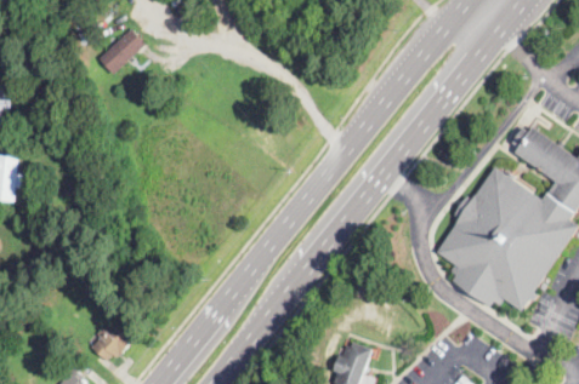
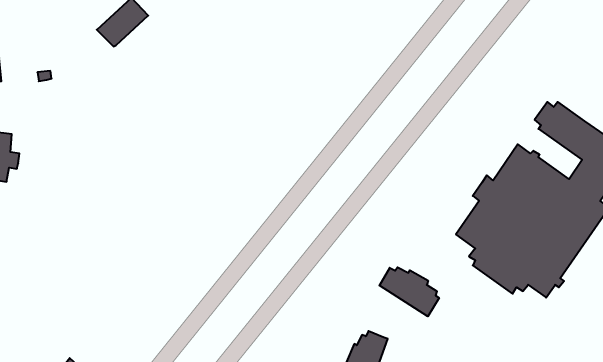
building: none -> [379,267,439,316]
building: [90,322,132,360] -> none

